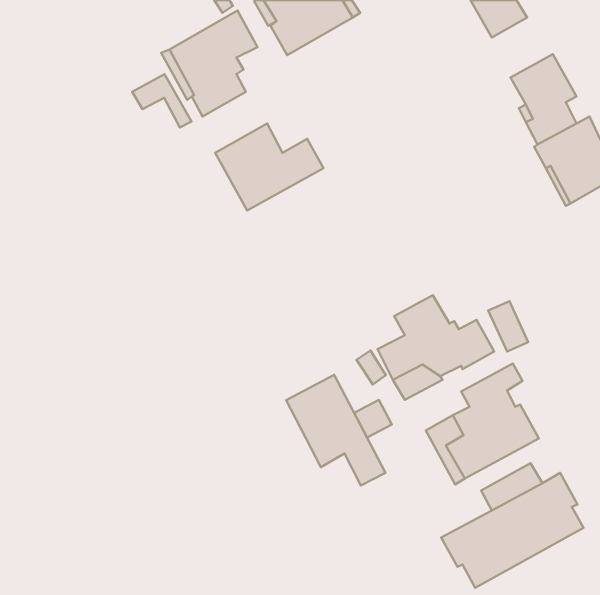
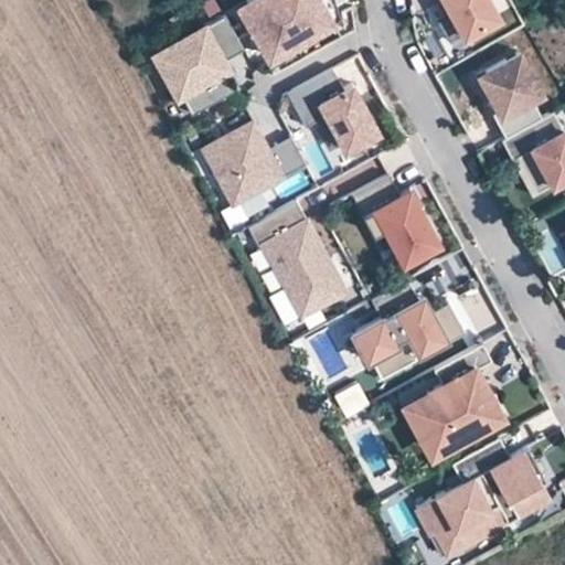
building: none -> [287,72,379,150]
building: [132,74,192,128] -> none
building: none -> [353,178,439,265]
building: none -> [248,203,345,317]
building: [286,375,386,486] -> none

